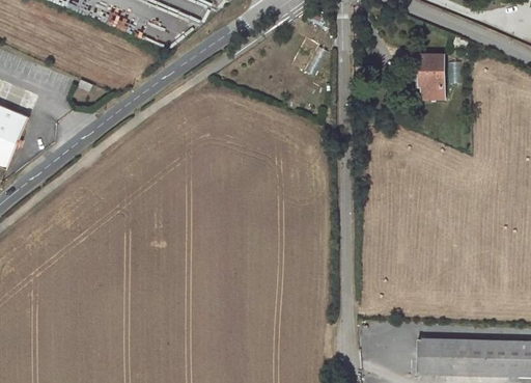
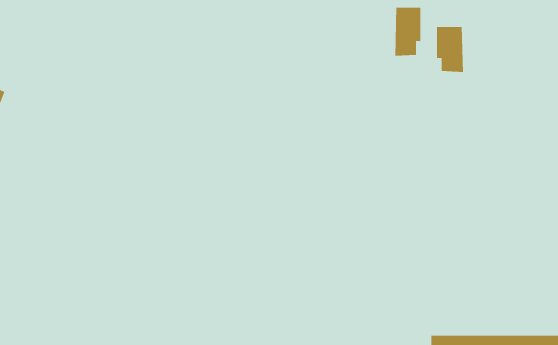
building: none -> [395,7,421,57]

